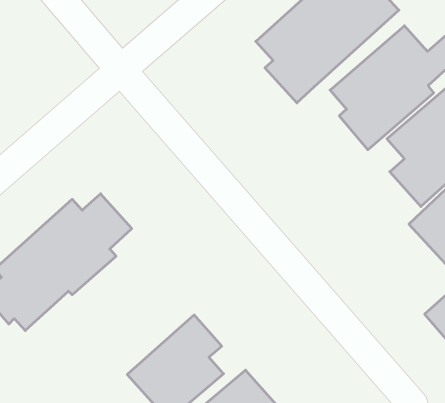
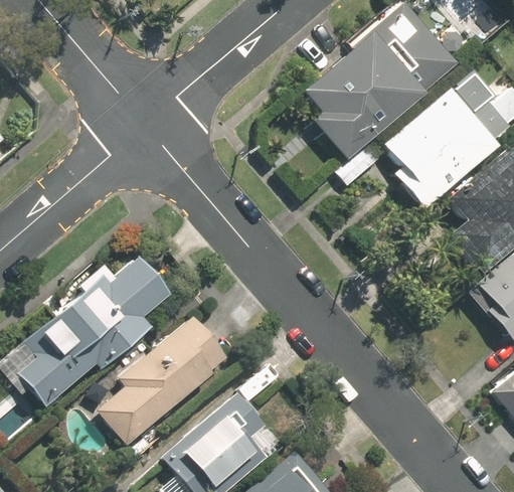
building: none -> [101,314,231,446]

